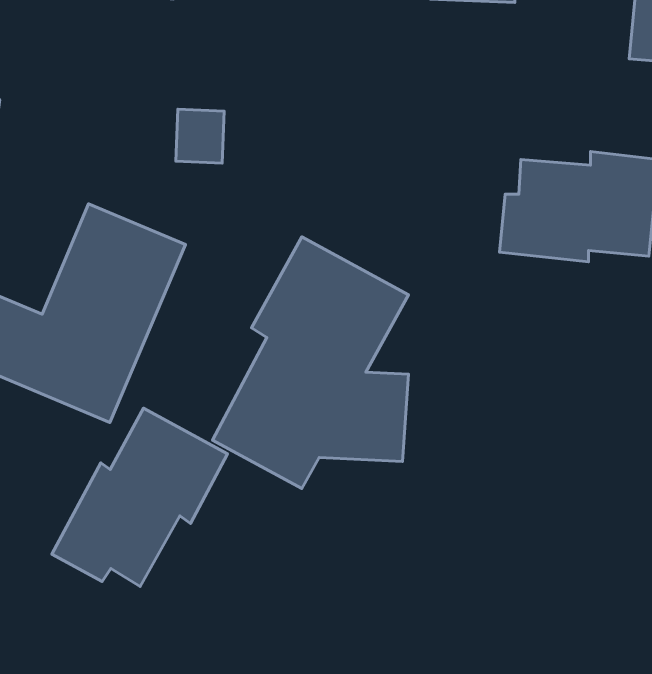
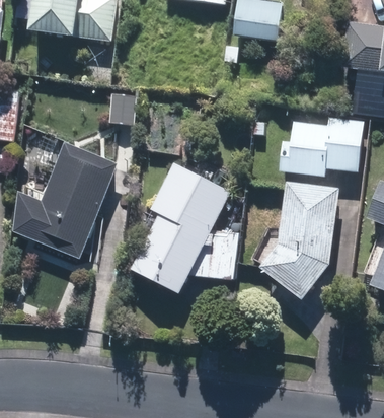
building: none -> [257,181,336,297]
building: [52,408,228,586] -> none

